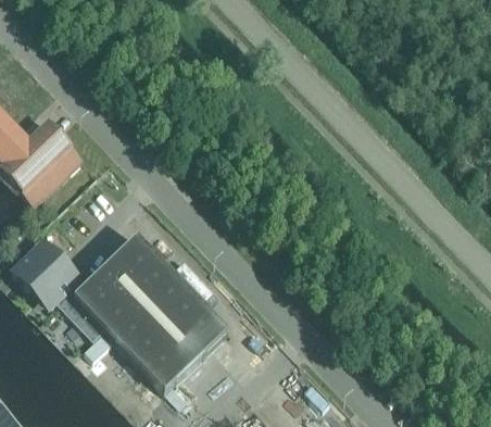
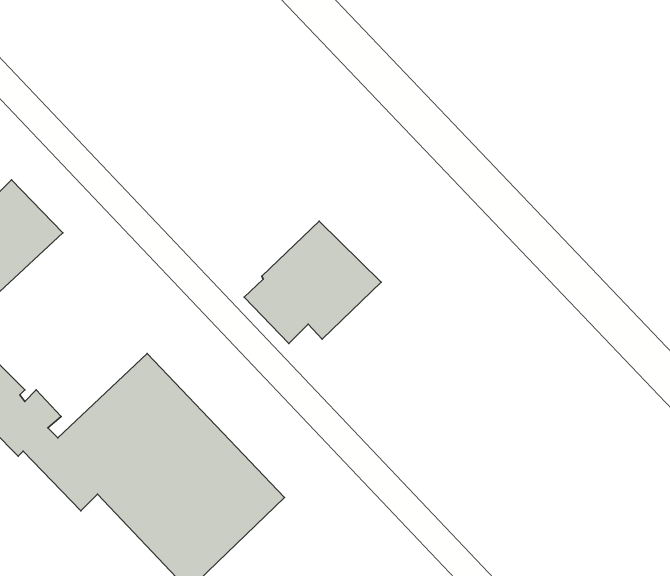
building: none -> [244,221,381,344]

